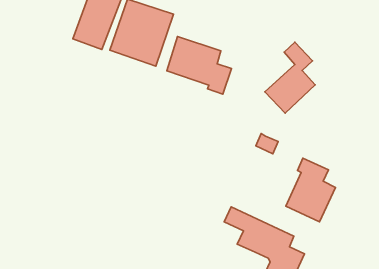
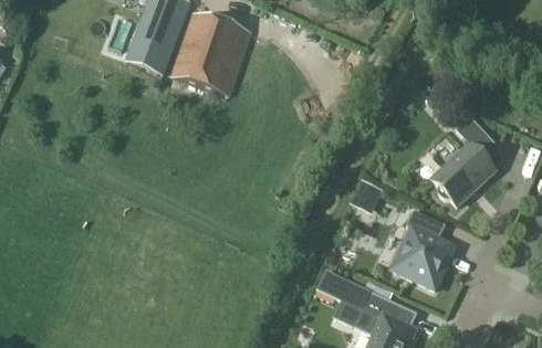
building: [167,37,232,94] -> none
building: [265,42,315,113] -> [432,116,496,204]

